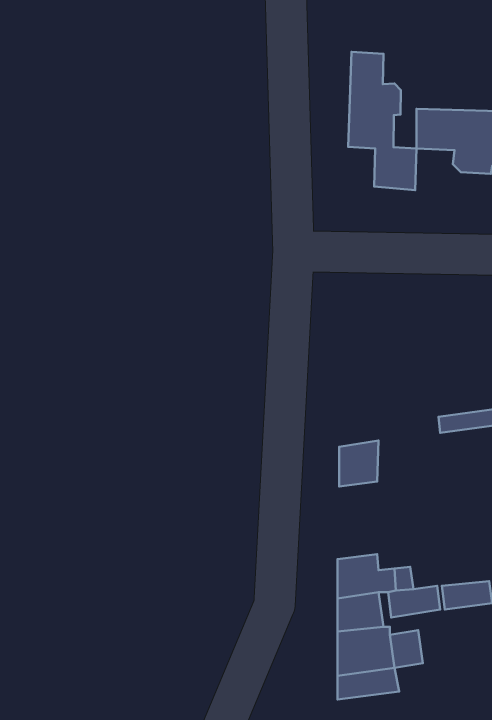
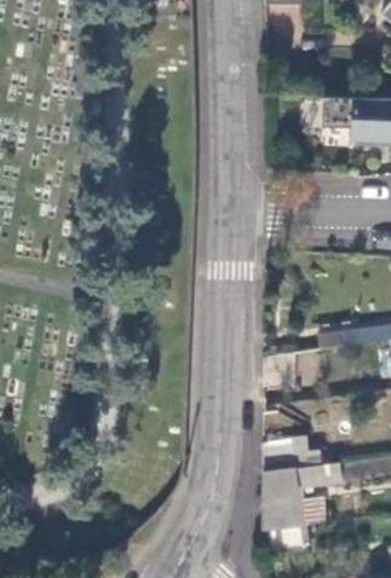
building: [348,52,417,190] -> none

